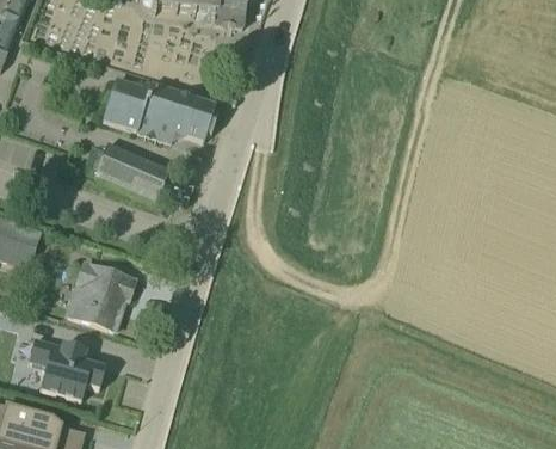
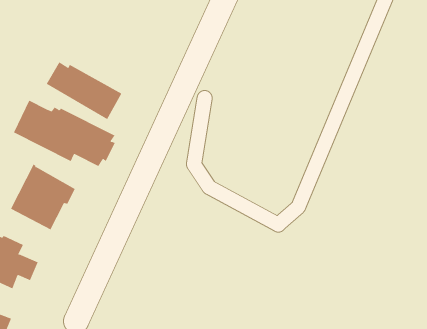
building: [104,78,217,140] -> [13,100,116,167]

